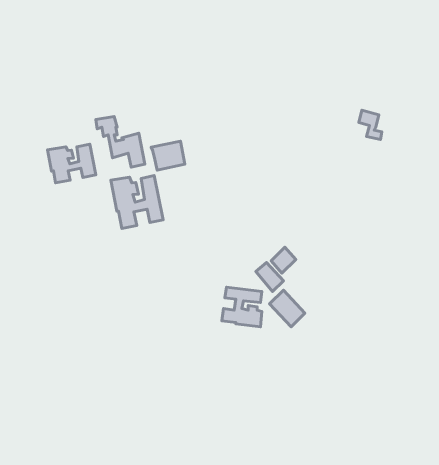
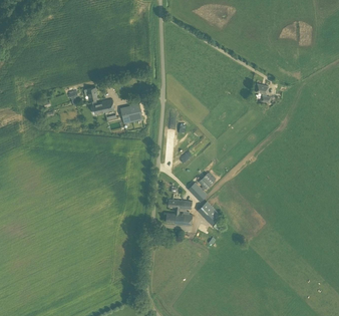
building: [48,144,96,183] -> none
building: [111,176,163,228] -> none

